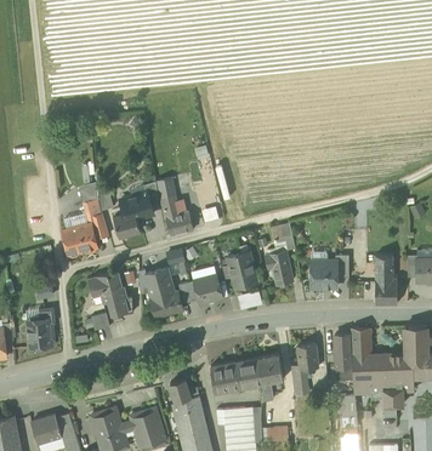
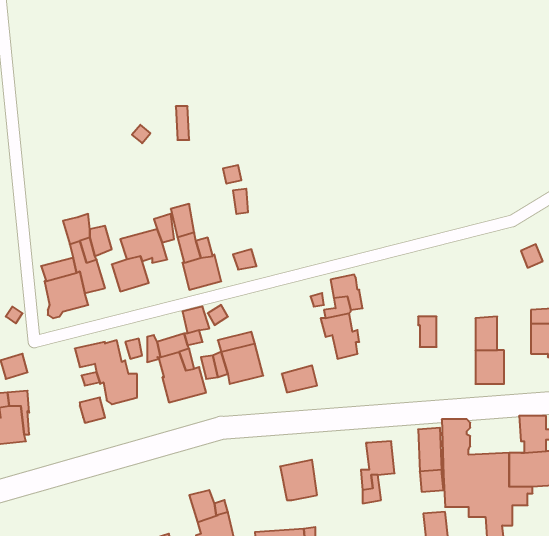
building: [227,252,256,289] -> none
building: [308,262,336,289] -> none
building: [257,355,283,403] -> none
building: [211,364,240,393] -> none

